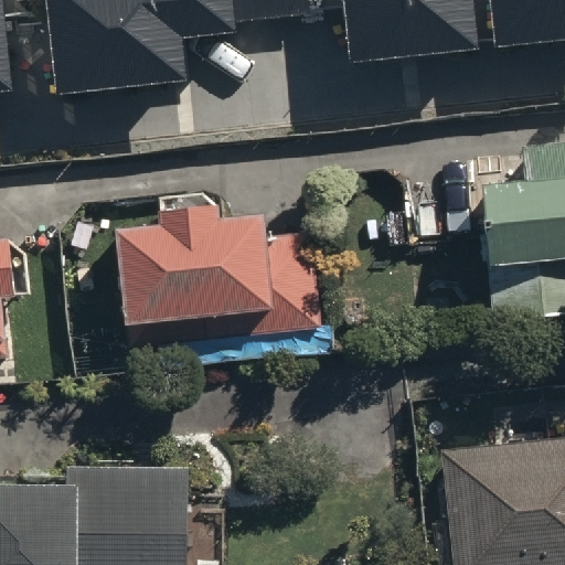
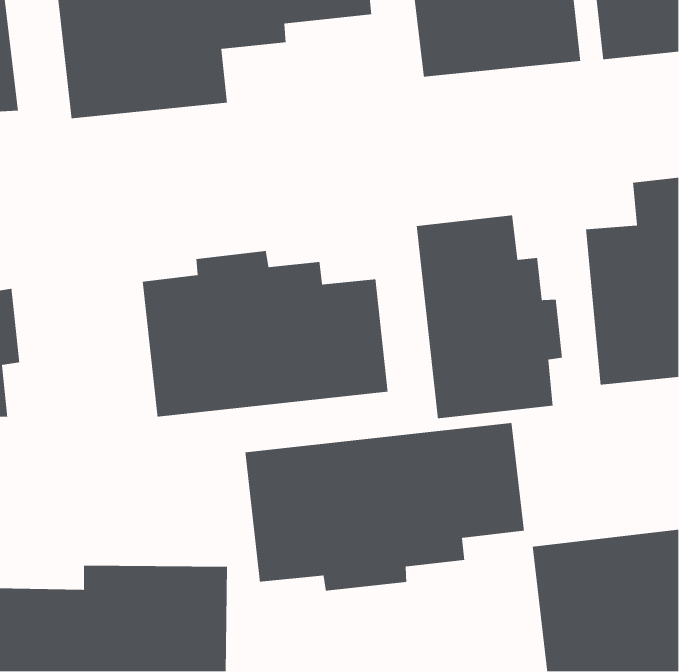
building: none -> [416,214,563,419]
building: none -> [245,422,525,591]

